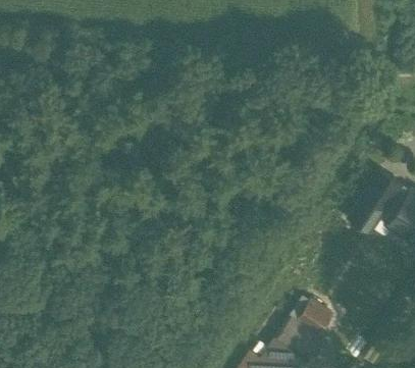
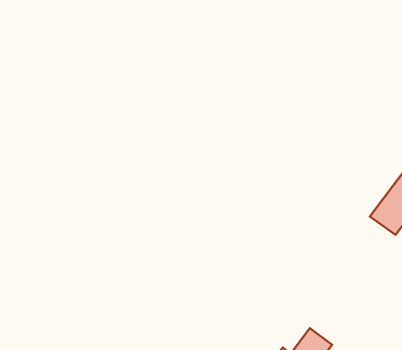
building: [294,298,326,330] -> none

